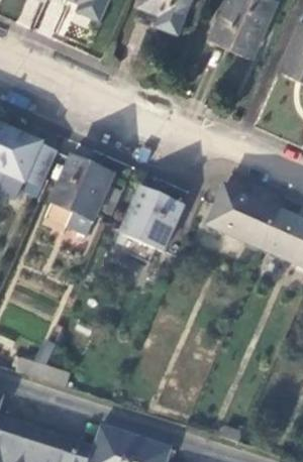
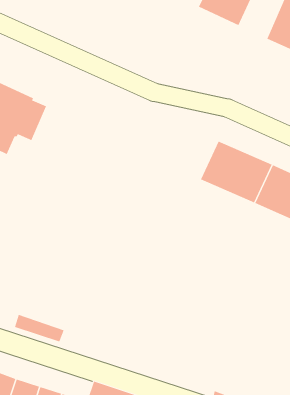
building: [43,152,115,231] -> none
building: [120,185,183,249] -> none

